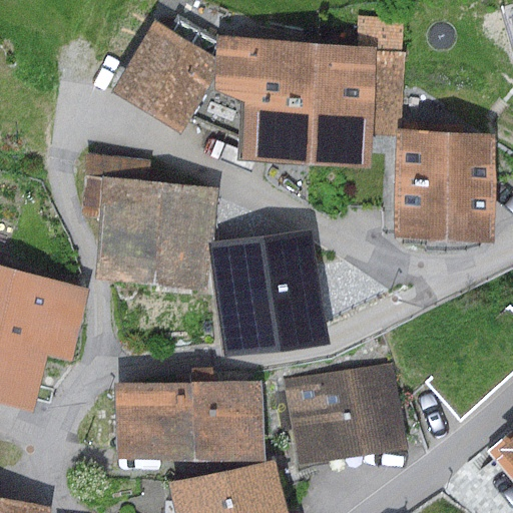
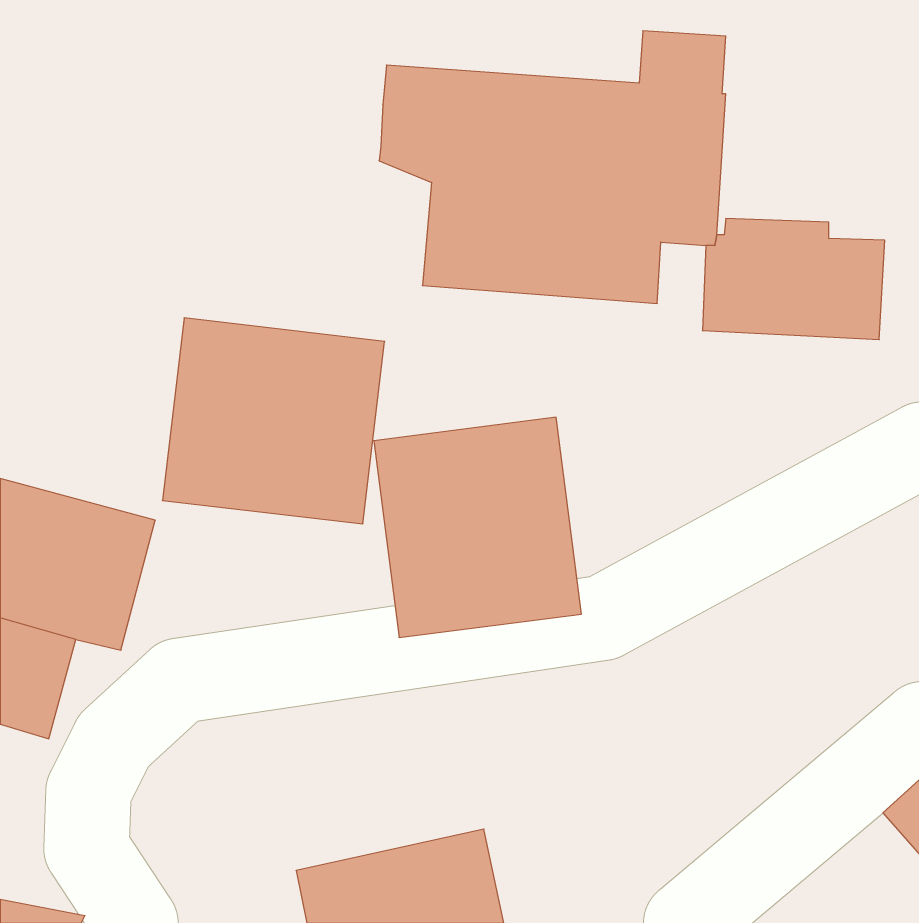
building: [109,20,214,134] -> none
building: [390,183,490,239] -> none
building: [285,364,407,467] -> none
building: [113,383,263,461] -> none

